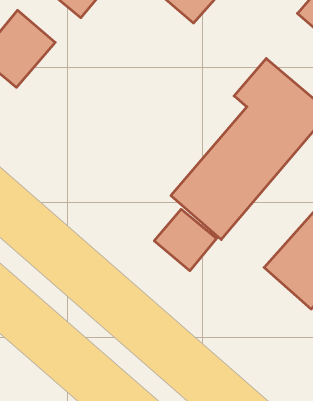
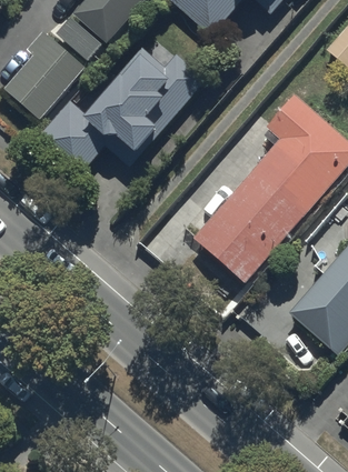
building: none -> [31,49,196,181]
building: [154,209,217,271] -> none

